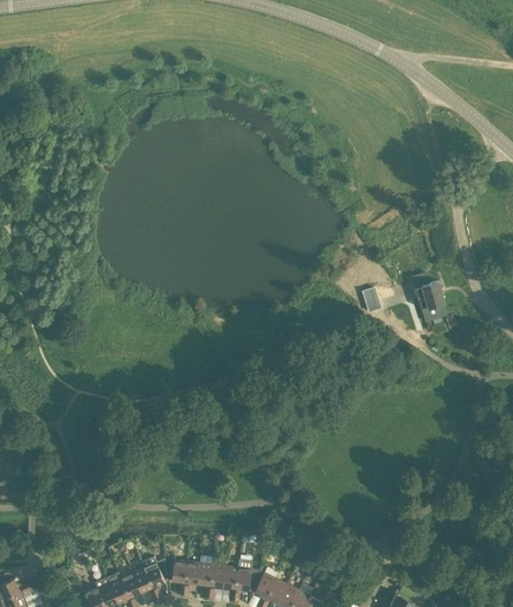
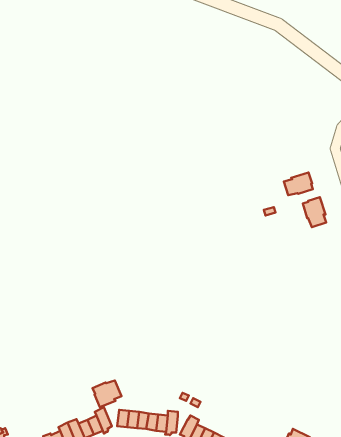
building: none -> [284,172,313,195]
building: none -> [93,381,122,407]

